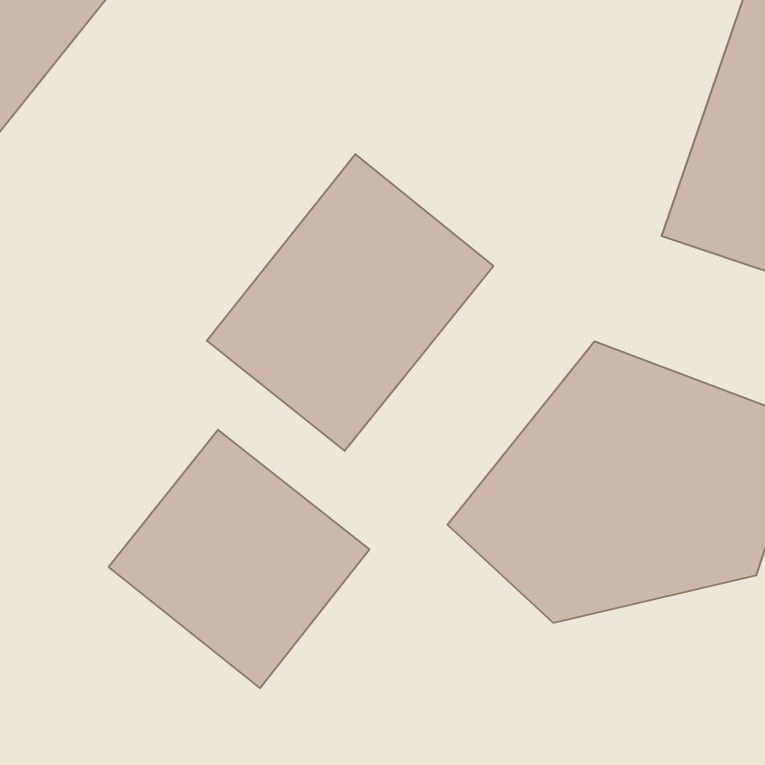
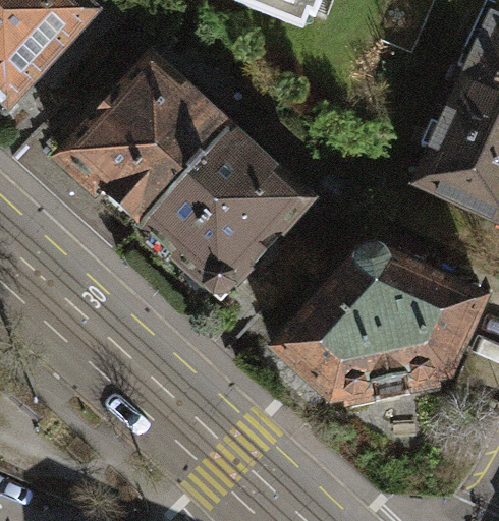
building: none -> [59,52,232,227]
building: [109,430,369,688] -> none

